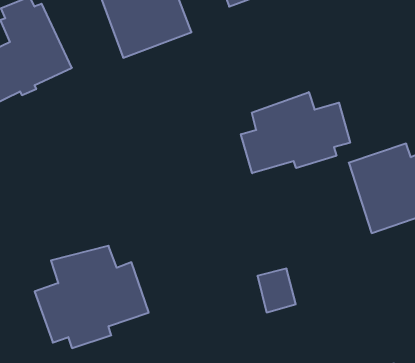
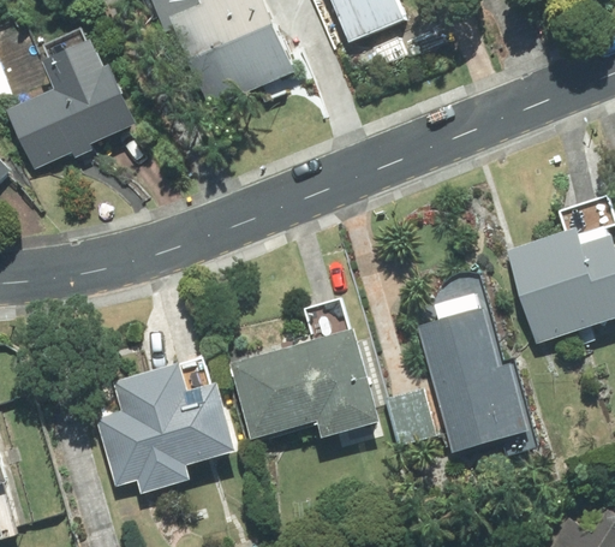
building: [241,92,350,173] -> none
building: none -> [413,303,538,456]
building: none -> [226,326,384,450]

